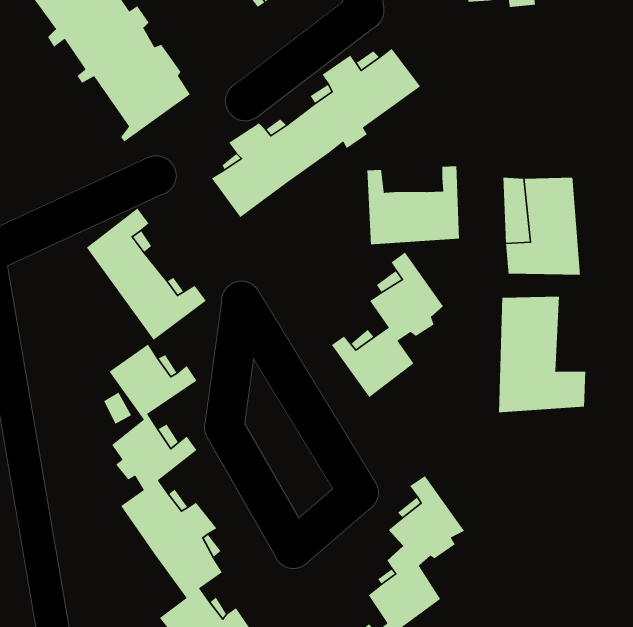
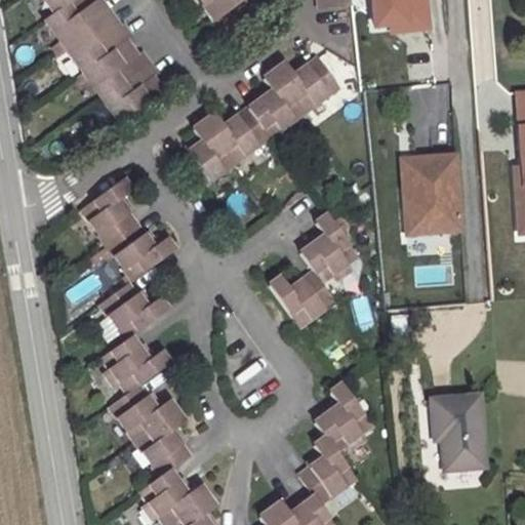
building: [366,165,460,245] -> none
building: [498,296,586,413] -> none
building: none -> [434,398,492,473]

